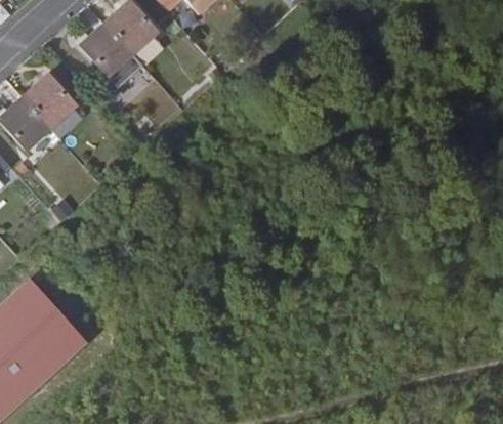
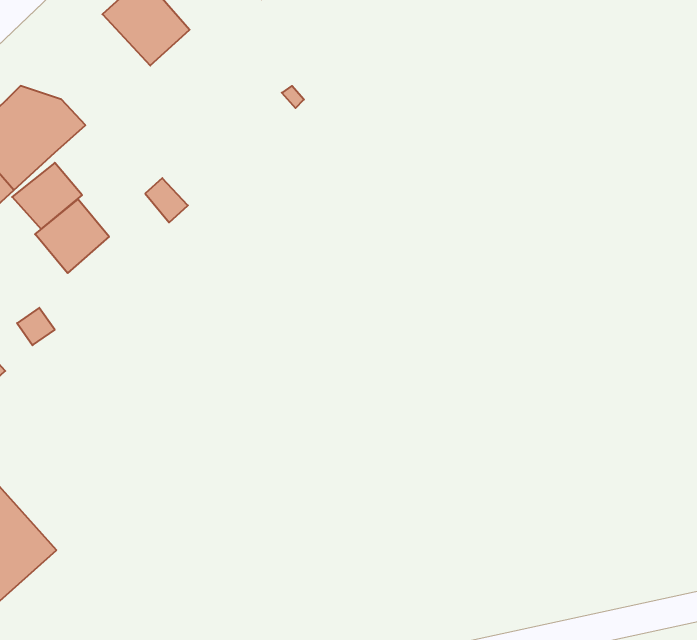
building: [80,23,133,77] -> none
building: none -> [35,199,109,273]

